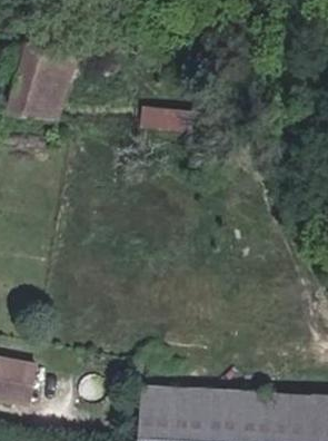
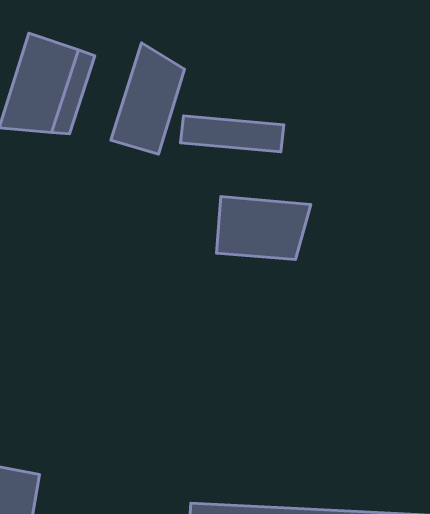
building: none -> [111,43,185,154]
building: none -> [216,196,311,259]

